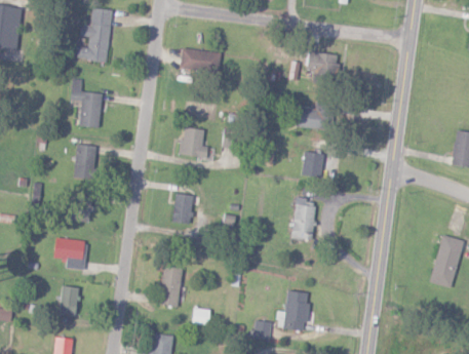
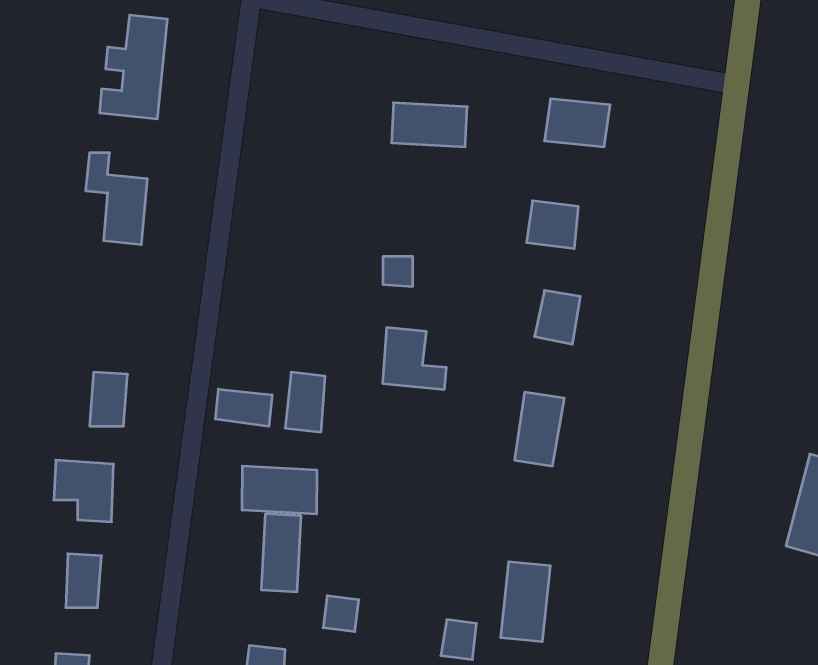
building: [181,50,220,73] -> [391,103,467,147]
building: [181,127,213,159] -> [383,328,446,389]
building: [75,145,95,179] -> none
building: none -> [215,389,272,426]
building: none -> [242,466,317,514]

